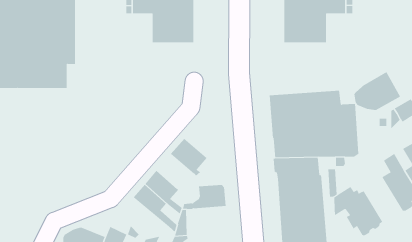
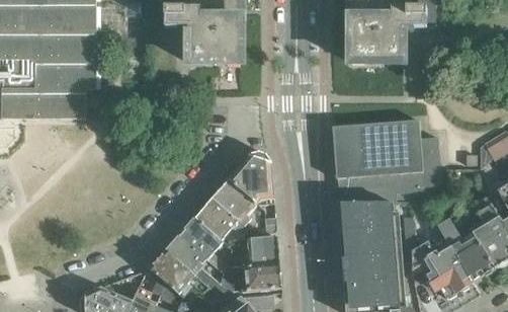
building: [354,71,401,111] -> none
building: none -> [228,150,274,203]
building: none -> [194,198,239,240]
building: none -> [431,212,494,281]
building: none -> [149,250,208,294]
building: none -> [239,261,281,292]

